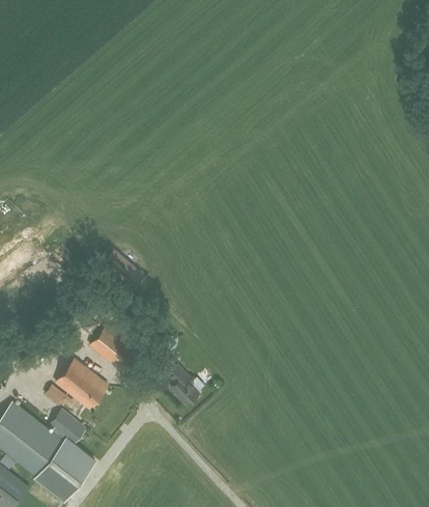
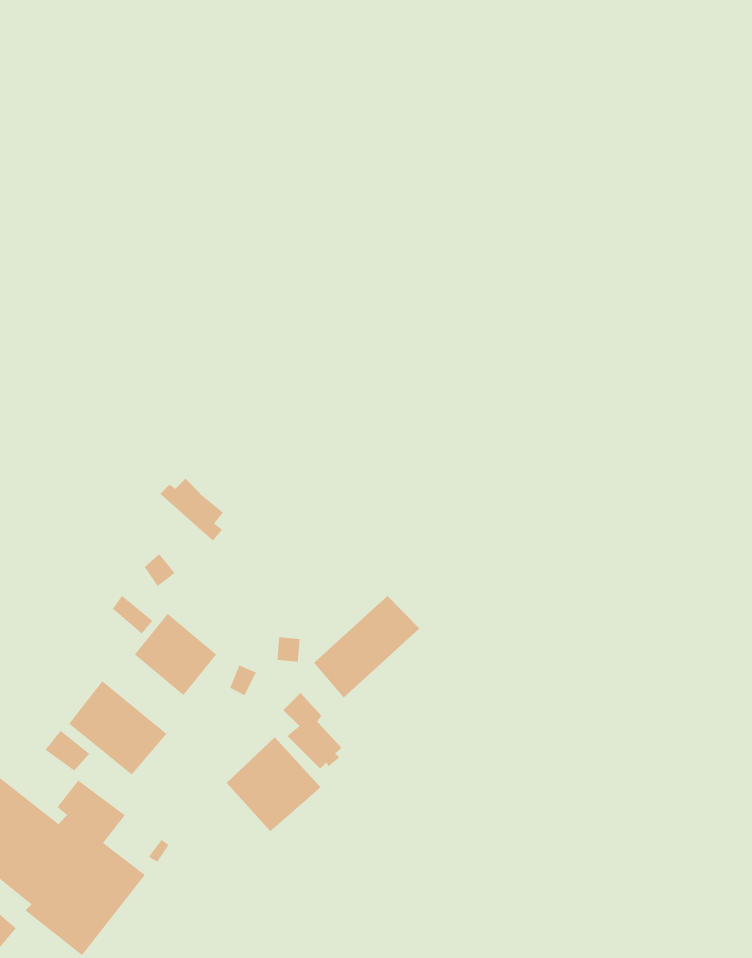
building: none -> [313,595,420,699]
building: none -> [226,737,321,832]

